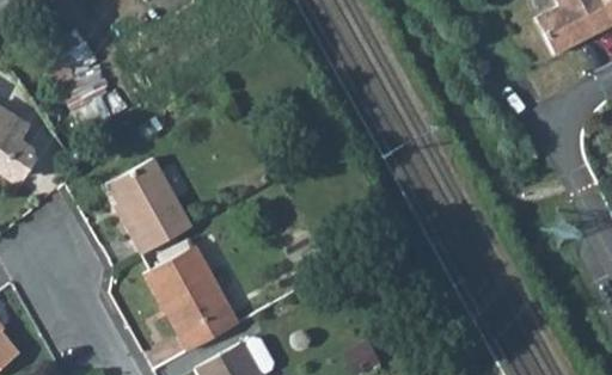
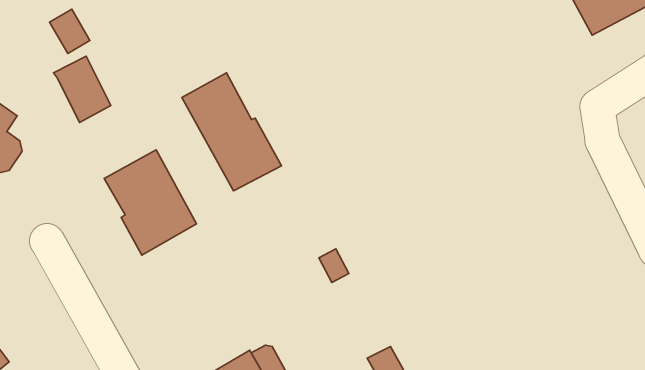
building: none -> [182,73,281,191]
building: [145,246,238,352] -> none

